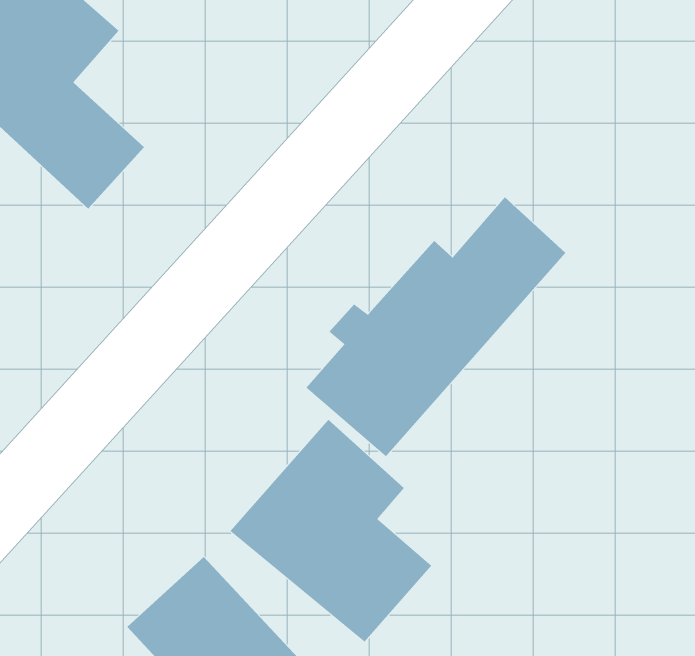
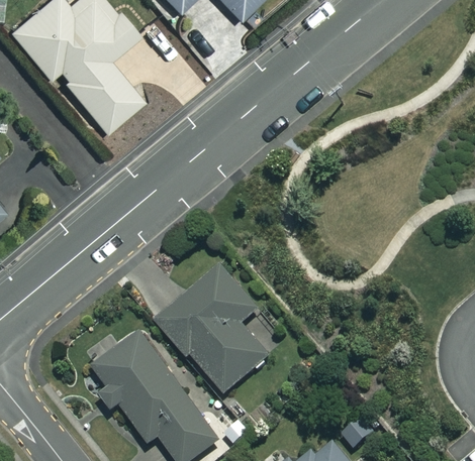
building: [305,196,566,457] -> none

